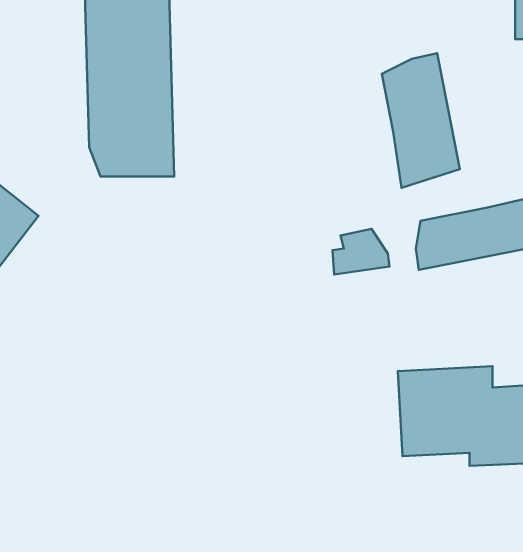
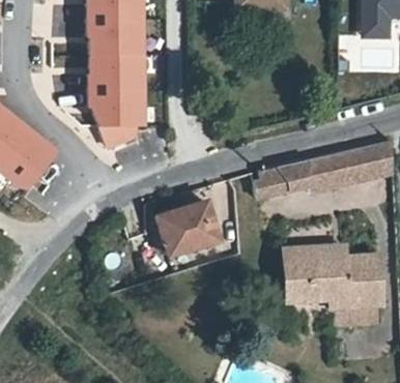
building: [382,53,460,188] -> none
building: none -> [163,206,218,256]

